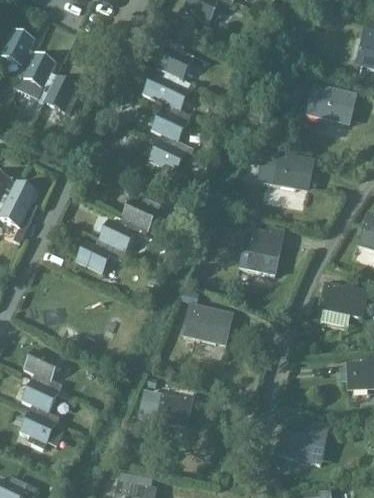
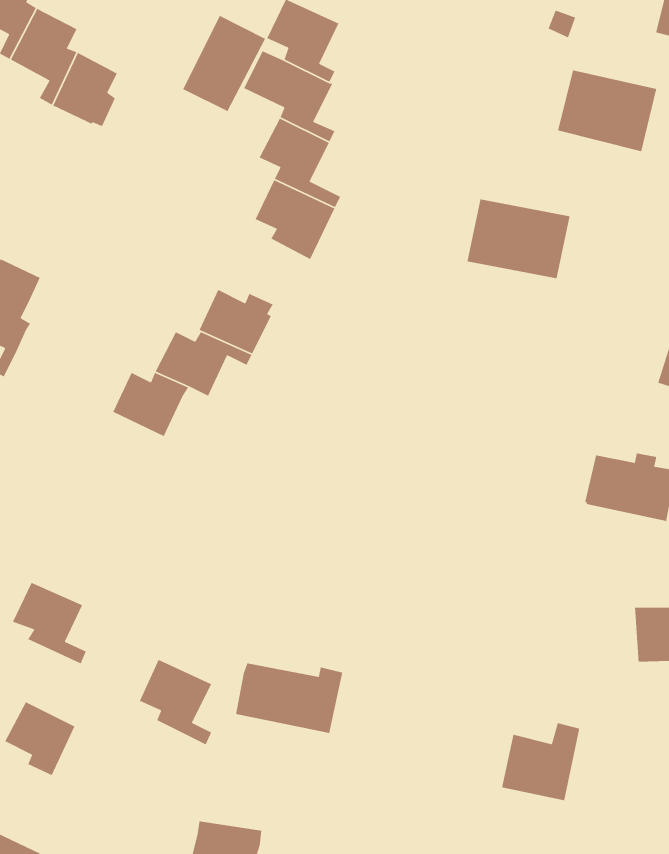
building: none -> [182,15,266,112]
building: [238,226,284,276] -> none
building: [181,303,234,347] -> none
building: [20,379,58,424] -> [139,659,212,746]

